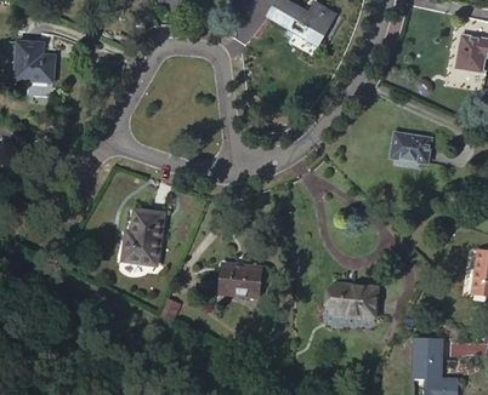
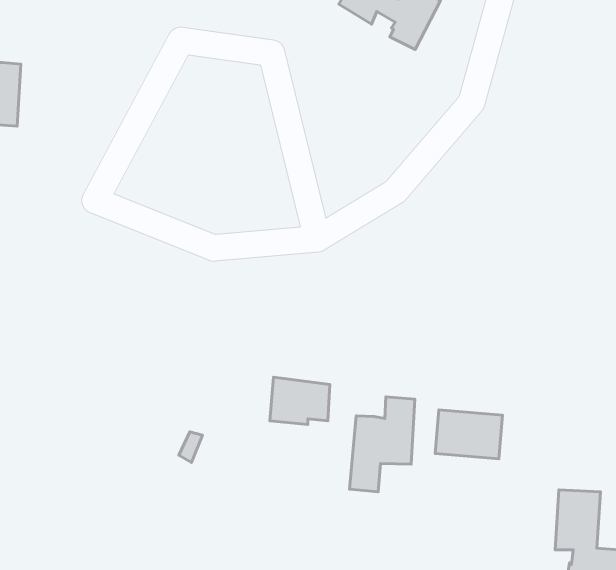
building: [388,131,429,162] -> none
building: [126,211,165,265] -> none
building: none -> [350,397,415,492]

